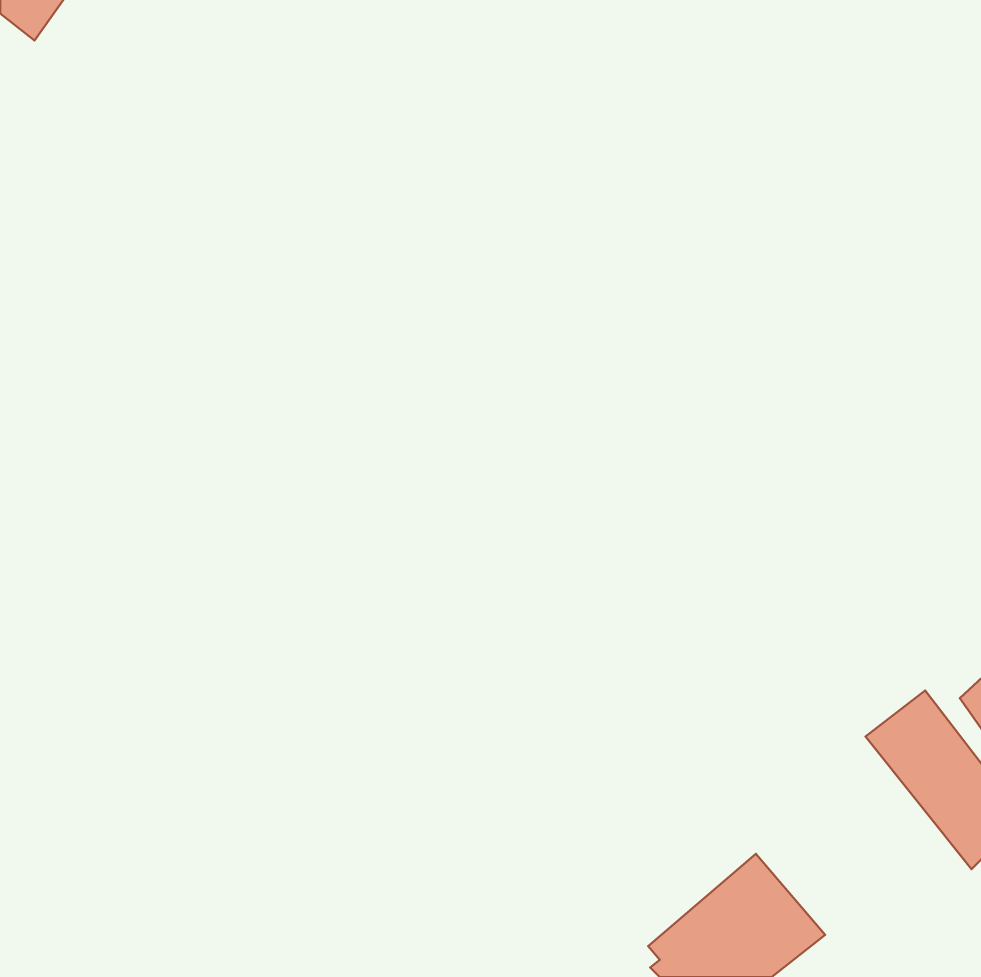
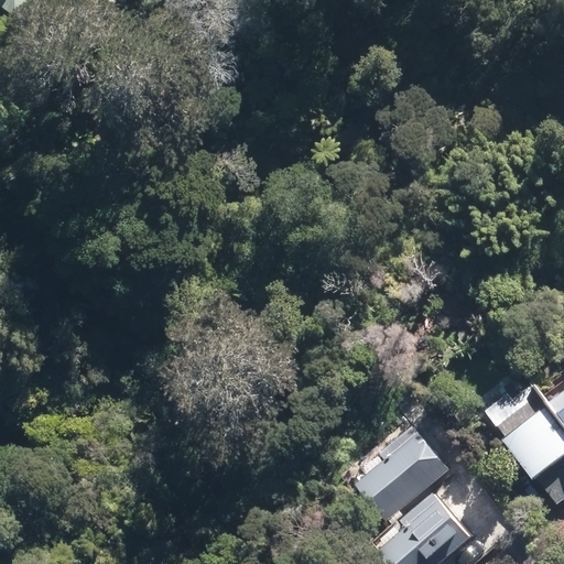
building: none -> [352,429,451,524]

